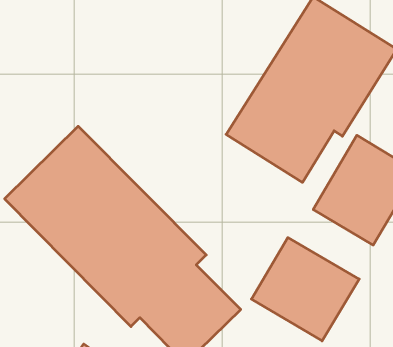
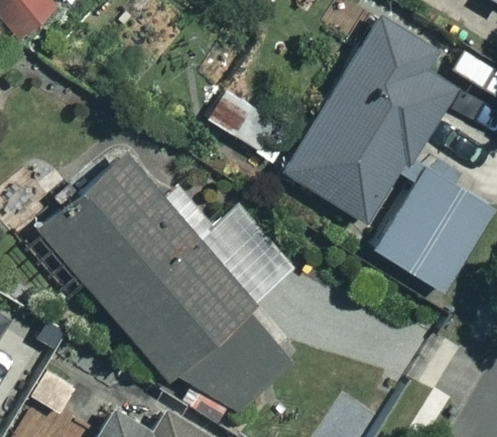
building: [251,238,359,341] -> none

